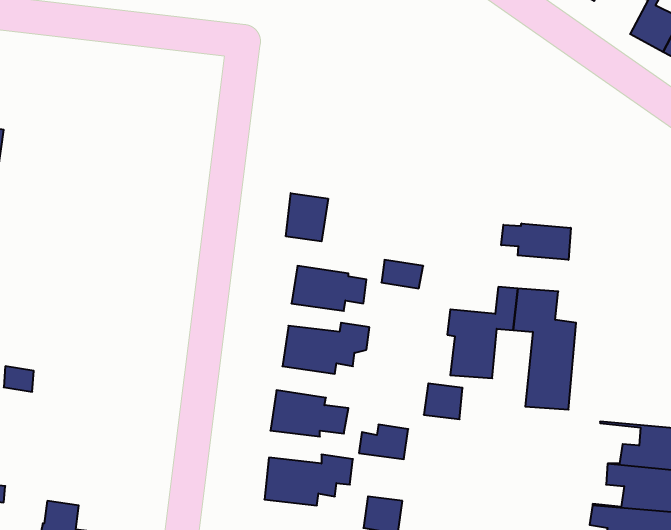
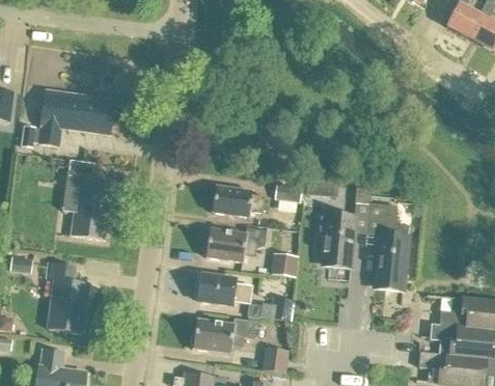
building: none -> [22,90,115,148]
building: [286,193,328,241] -> none
building: [501,223,571,260] -> none
building: none -> [63,159,111,239]
building: none -> [46,261,89,332]
building: [424,383,463,419] -> [270,252,297,277]

